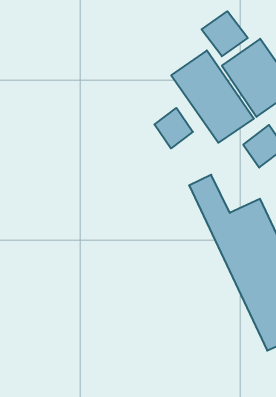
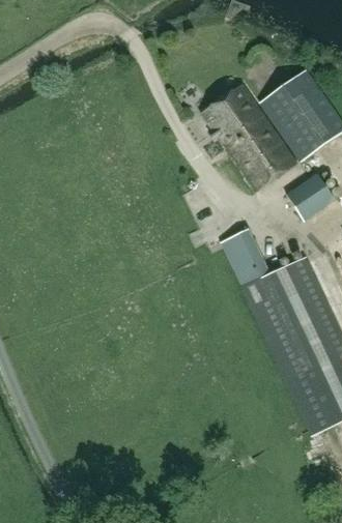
building: [202,11,248,56] -> none
building: [154,108,193,148] -> none

